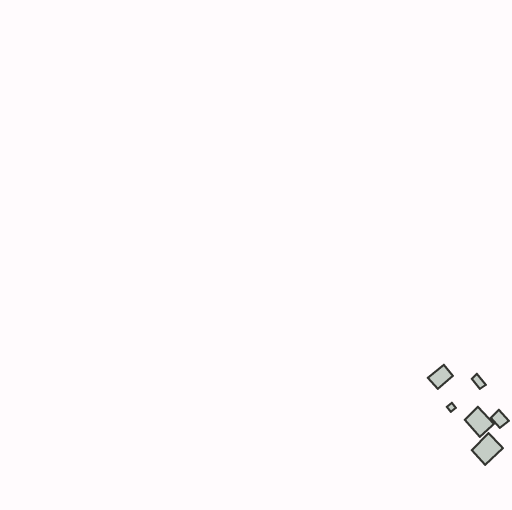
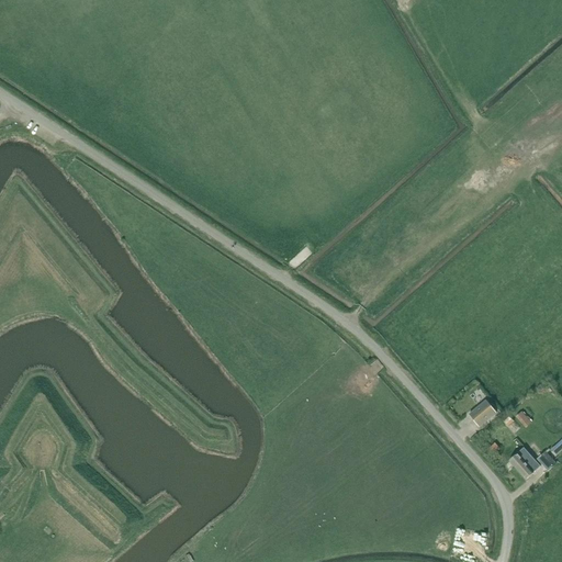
building: [472,433,503,465] -> none

